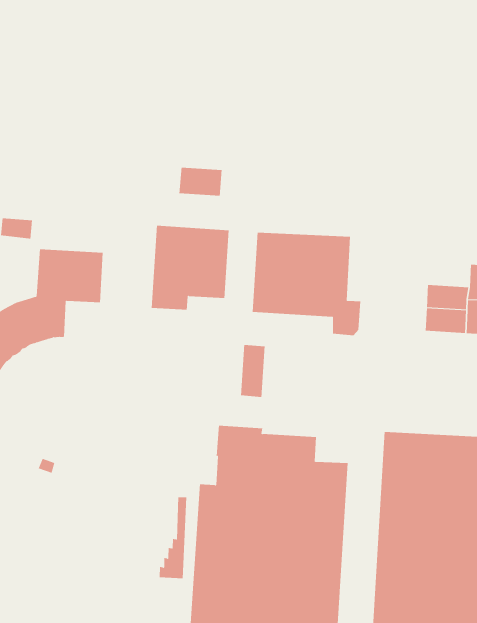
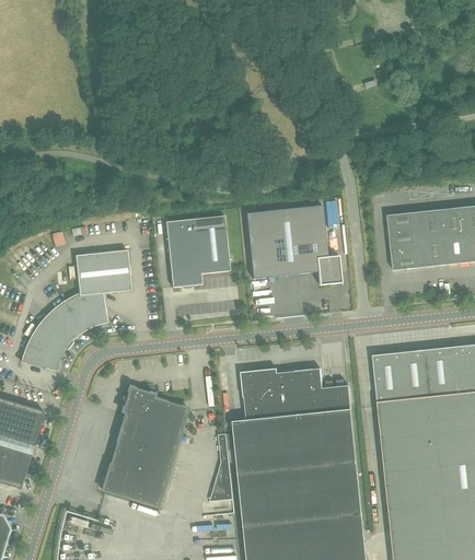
building: [179,167,222,197] -> none
building: none -> [386,211,422,233]
building: [241,344,265,398] -> none
building: none -> [103,386,188,506]

